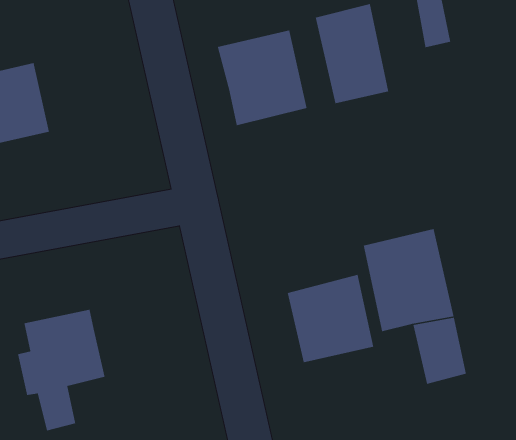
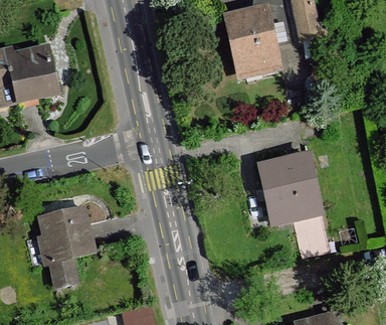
building: [217,30,307,126] -> none
building: [287,274,374,363] -> none

